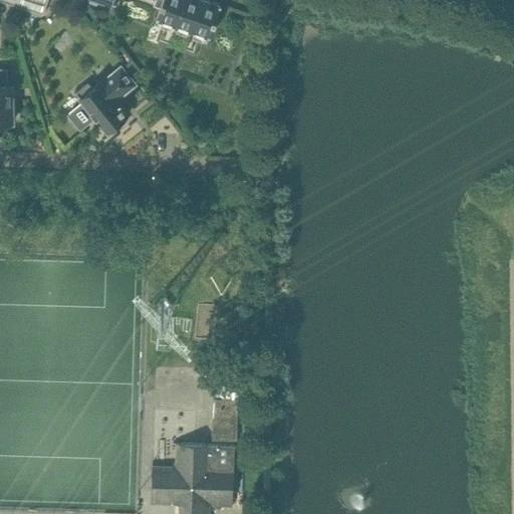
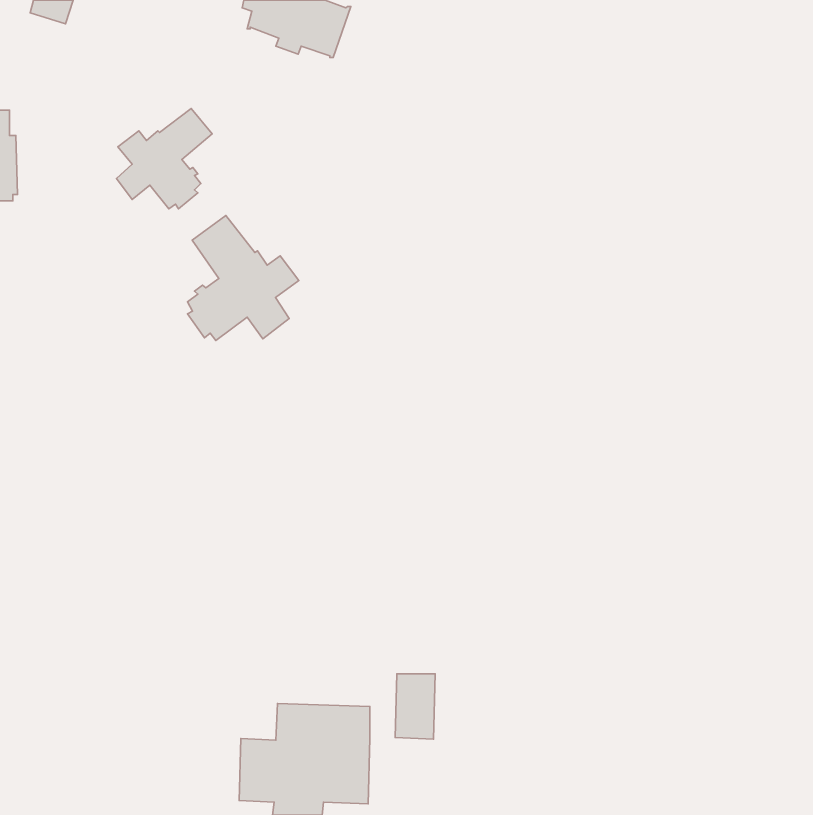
building: none -> [187,216,299,340]
building: [212,400,237,441] -> [395,674,435,739]

